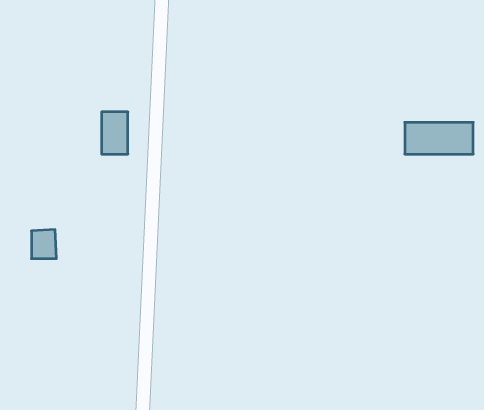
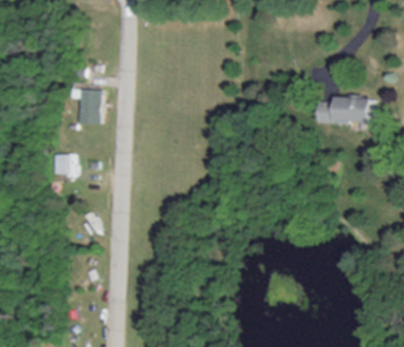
building: [31,230,56,259] -> [57,153,76,176]

